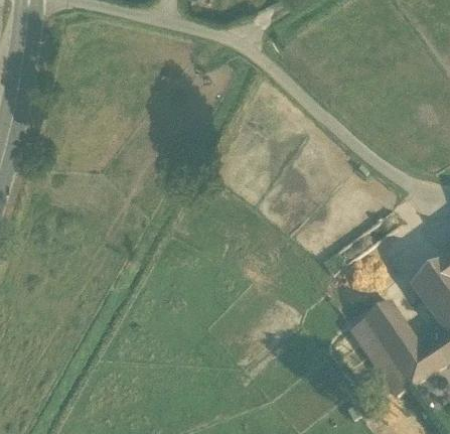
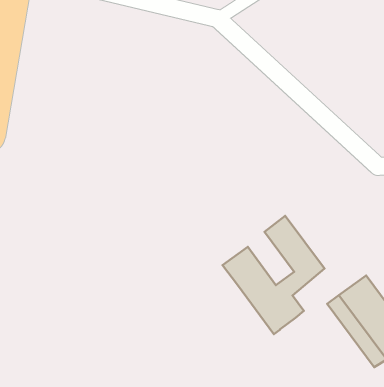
building: none -> [222,216,324,334]

